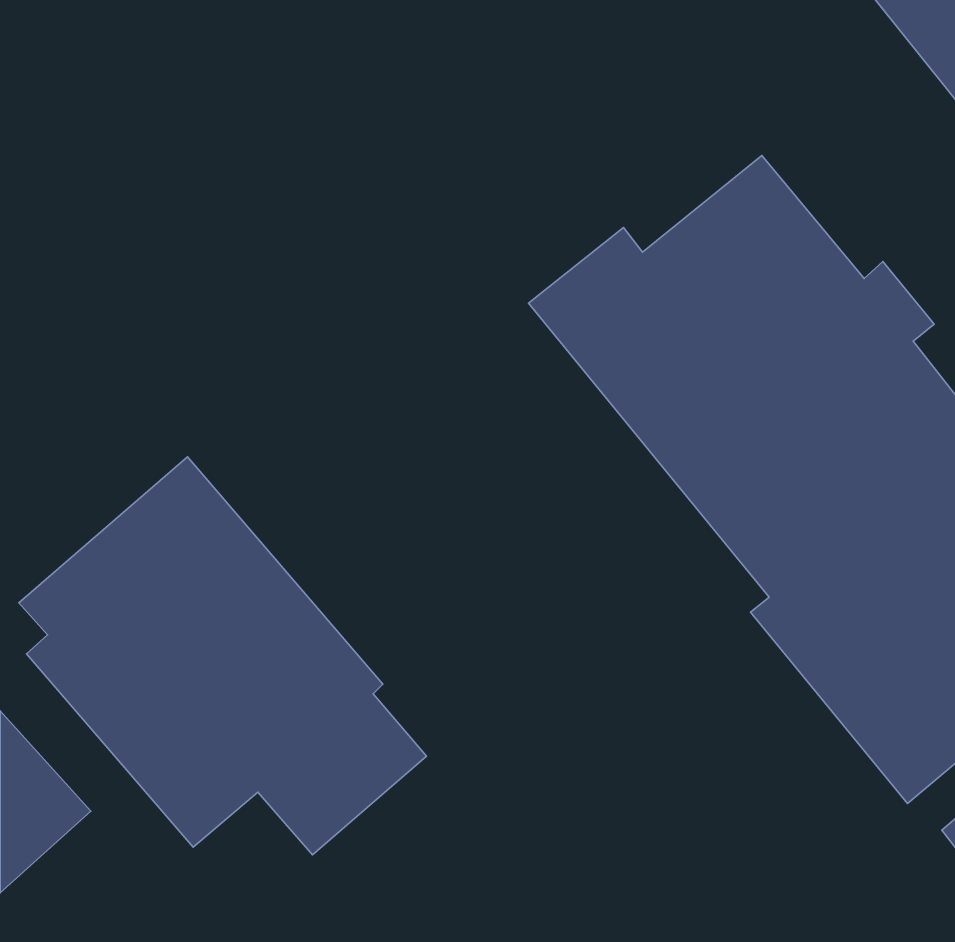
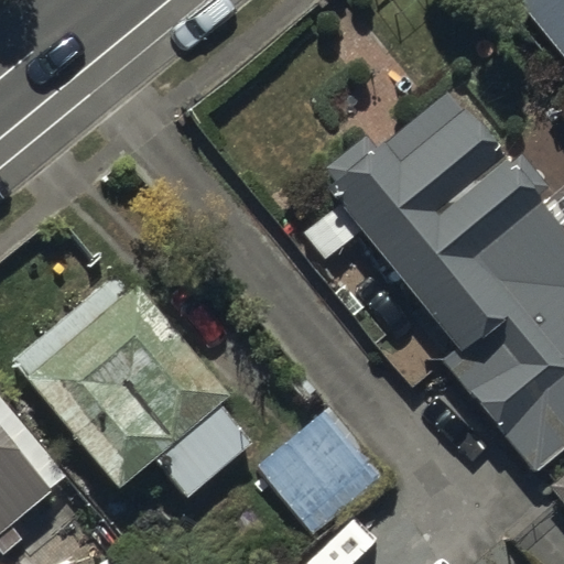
building: none -> [259,406,384,531]

